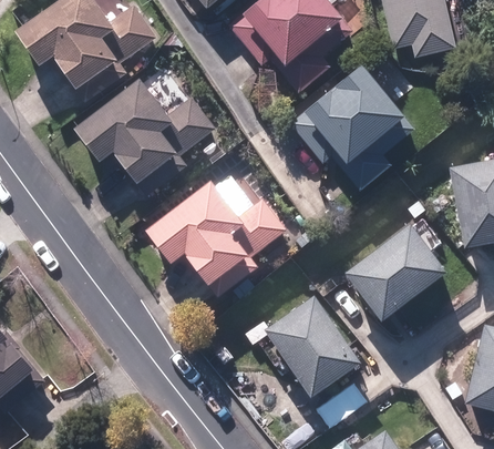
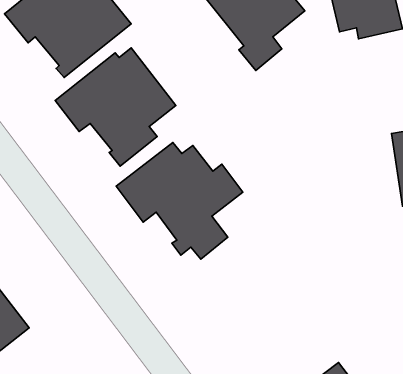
building: [302,58,414,193] -> none
building: [342,222,447,324] -> none
building: [261,292,362,397] -> none

